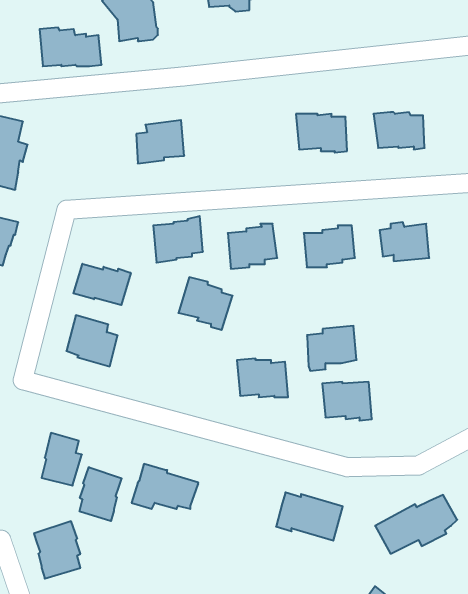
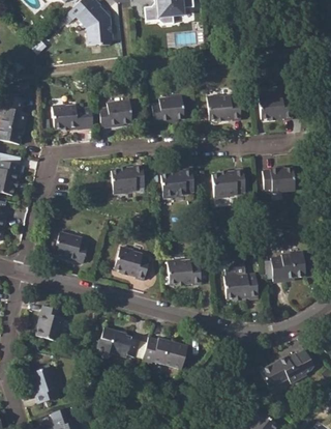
building: [40,28,102,66] -> [51,102,92,127]
building: none -> [150,93,182,121]
building: [73,264,131,305] -> none
building: [178,277,233,330] -> [112,244,148,279]
building: [307,326,357,371] -> [272,252,305,282]
building: [80,467,122,521] -> none
building: [276,492,343,541] -> [143,336,187,368]

